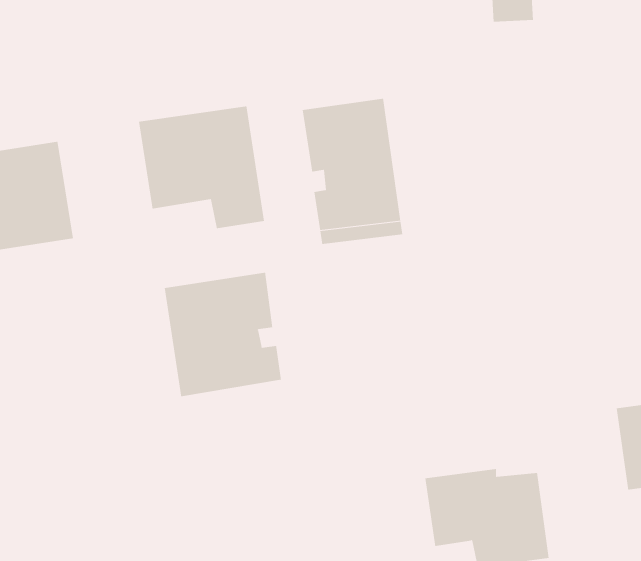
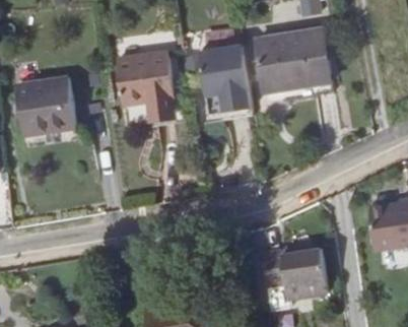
building: none -> [255,38,330,101]
building: [164,272,282,397] -> none

